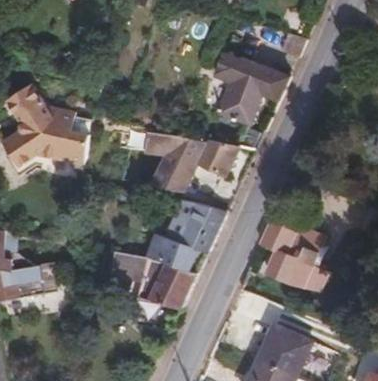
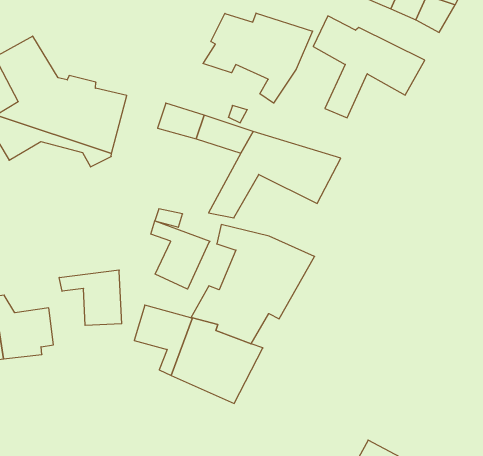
building: none -> [203,13,313,103]
building: none -> [151,221,210,289]
building: [259,219,324,291] -> none
building: none -> [59,270,122,325]

